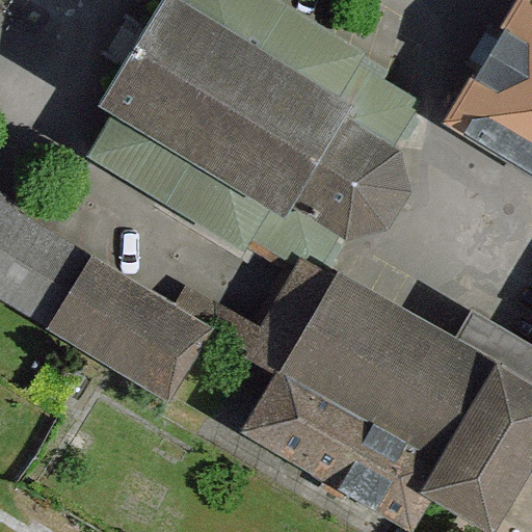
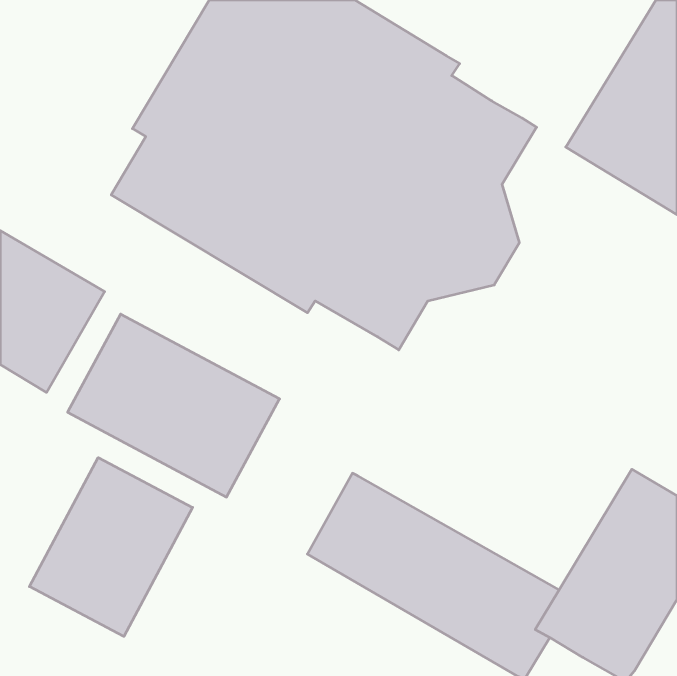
building: [281,272,498,463] -> none
building: none -> [29,458,193,636]

